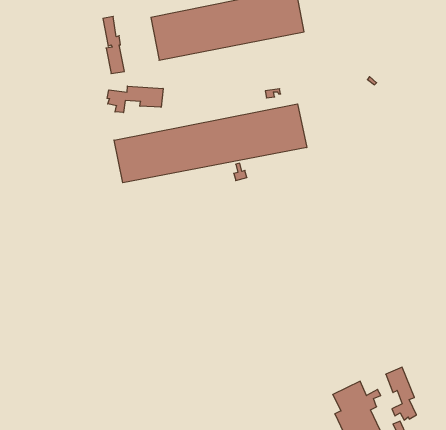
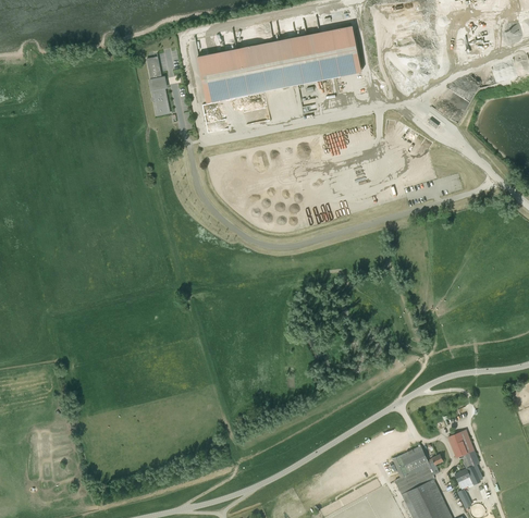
building: [107,86,163,113] -> none
building: [114,104,307,183] -> none

